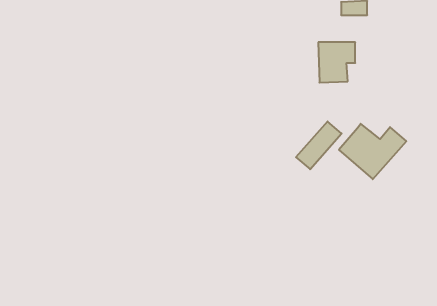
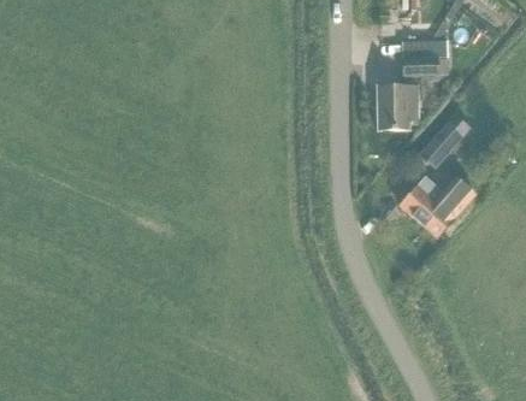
building: none -> [402,54,439,75]
building: [296,121,342,169] -> [421,113,472,166]

